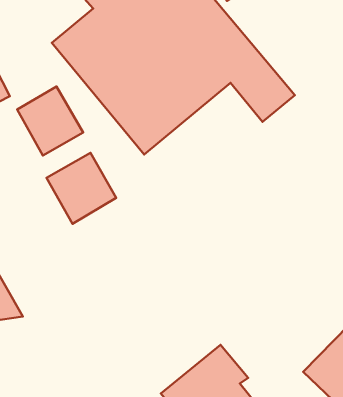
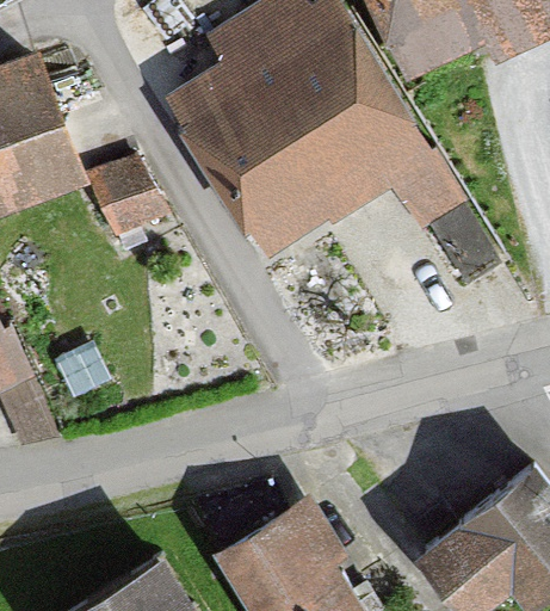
building: [46,153,116,224] -> none

